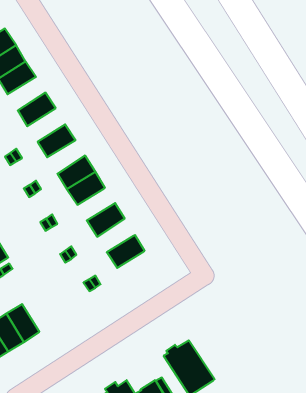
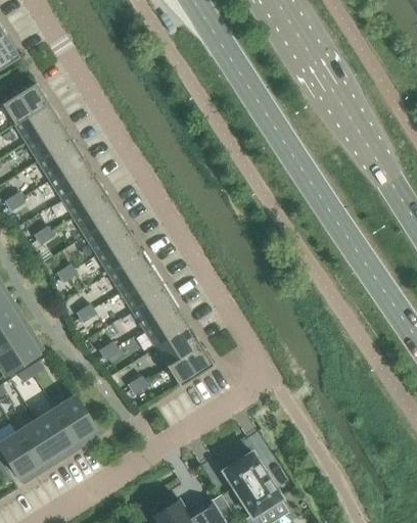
building: none -> [38,141,83,181]
building: none -> [61,178,106,218]
building: none -> [85,216,130,255]
building: none -> [121,272,166,311]
building: none -> [144,308,189,348]
building: none -> [168,346,213,386]
building: none -> [55,397,95,442]

